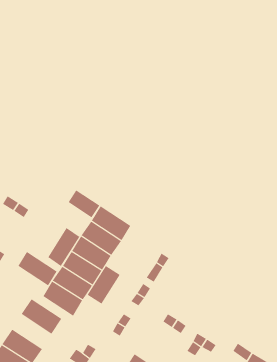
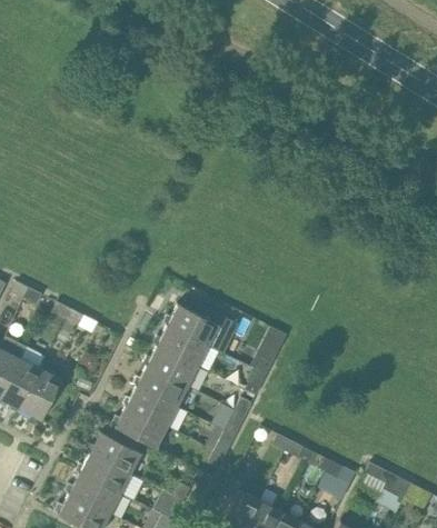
building: [68,190,100,218] -> none
building: [47,227,80,267] -> none
building: [17,251,58,286] -> [79,454,131,496]
building: [87,265,120,304] -> none

